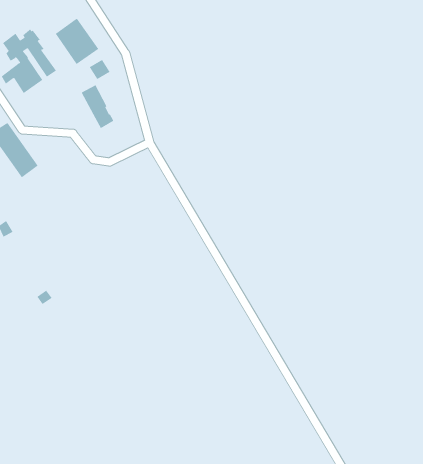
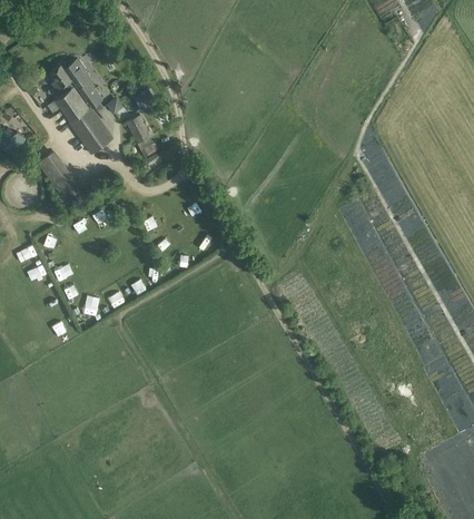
building: [53,18,99,65] -> [69,107,113,153]

